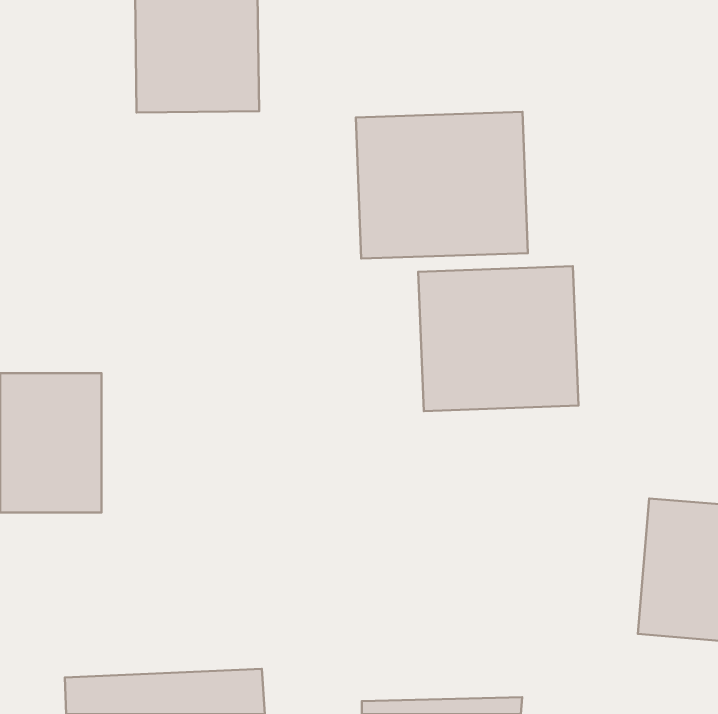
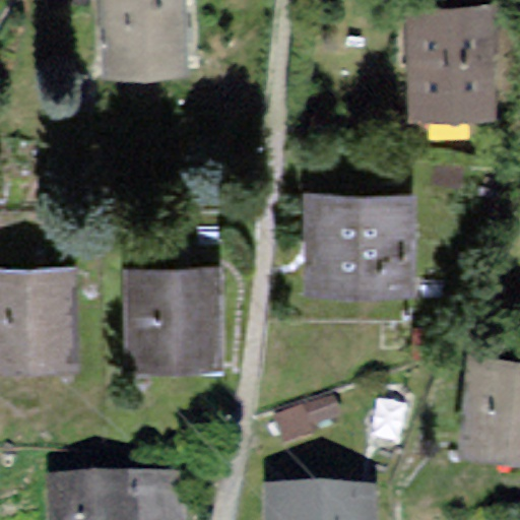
building: none -> [400,4,498,127]
building: [356,112,528,259] -> none
building: none -> [127,270,221,379]

